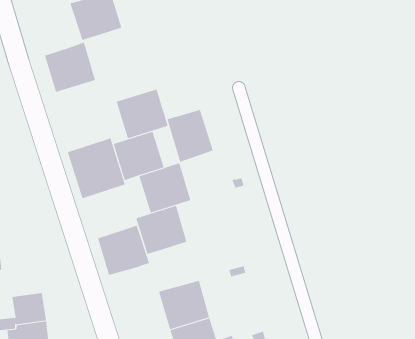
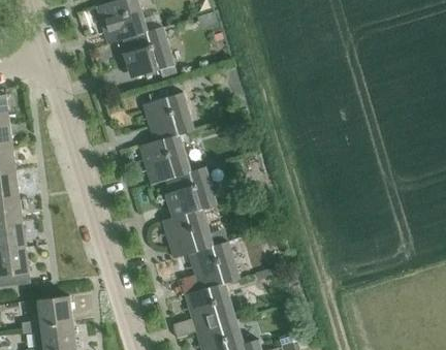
building: [44,42,96,93] -> [122,27,173,77]
building: [167,109,214,162] -> none
building: [67,137,125,216] -> none
building: [97,225,150,275] -> [187,241,240,291]

